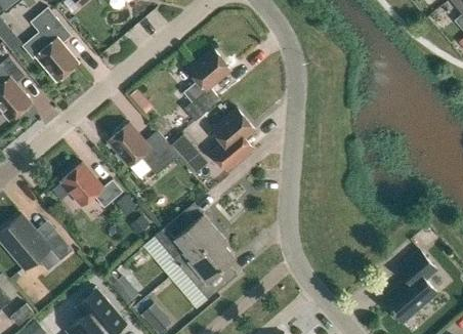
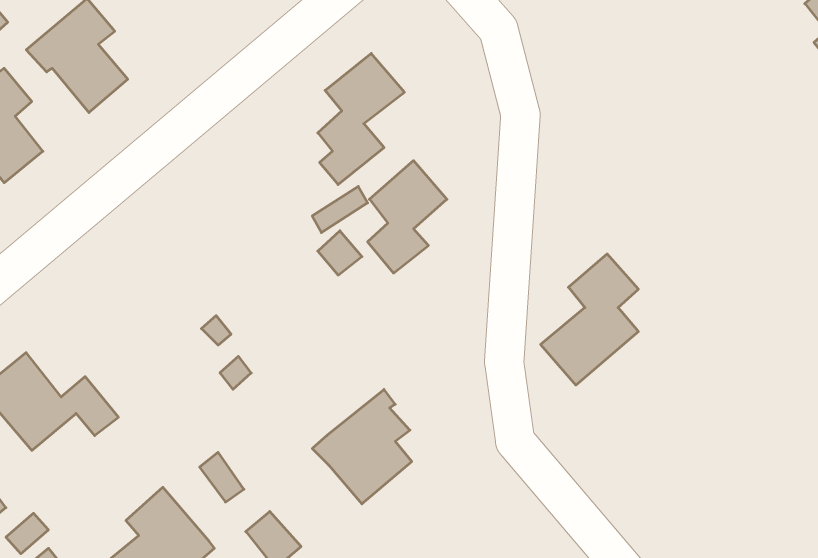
building: [107,124,178,175] -> none
building: [59,163,123,209] -> none
building: [155,213,220,268] -> none
building: [382,251,436,324] -> [541,254,638,385]

